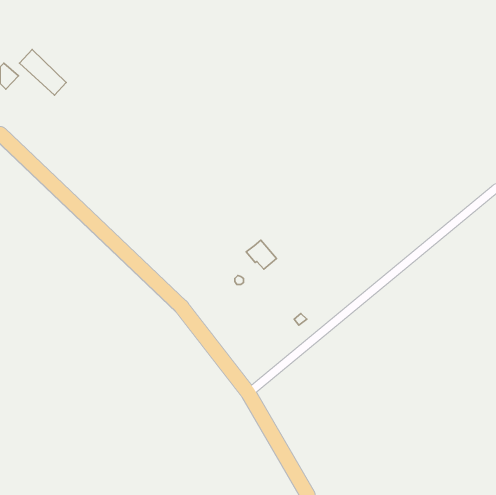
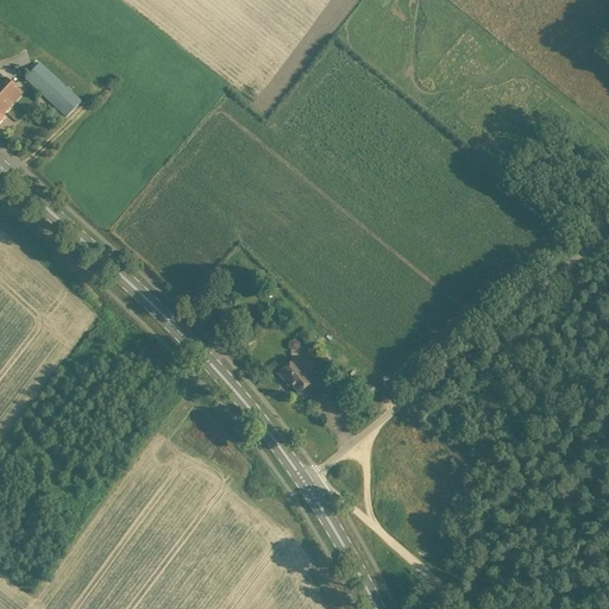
building: [246,240,276,269] -> [277,358,314,394]

